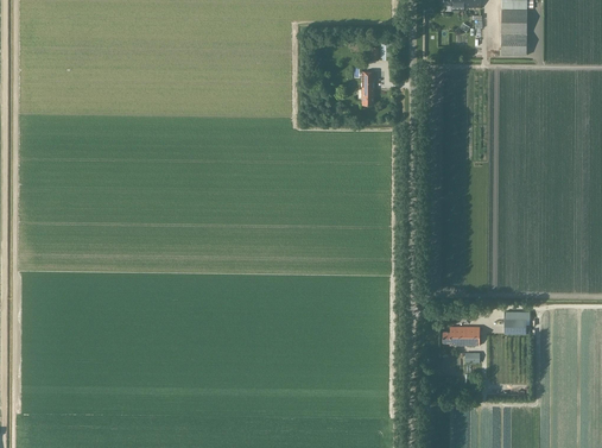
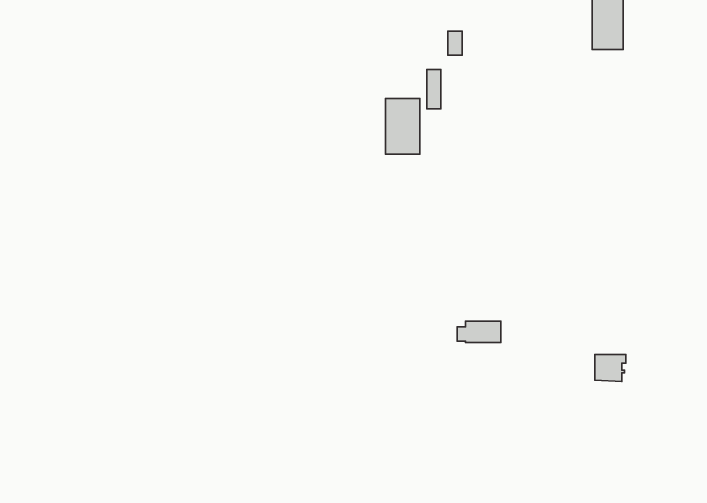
building: none -> [386,98,420,154]
building: [442,328,479,346] -> [457,321,501,343]

